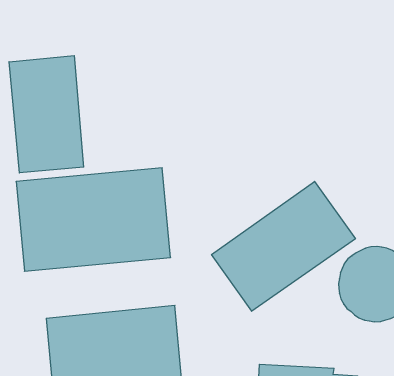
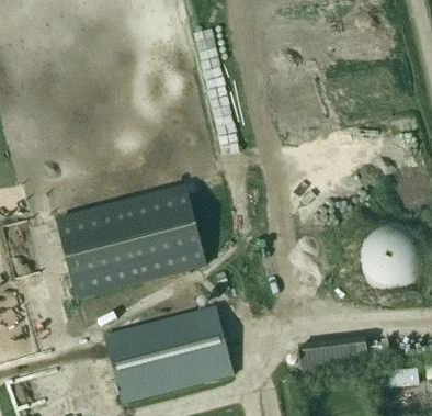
building: [9,56,84,173] -> none
building: [212,181,355,311] -> none

